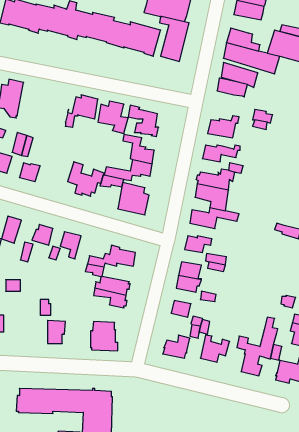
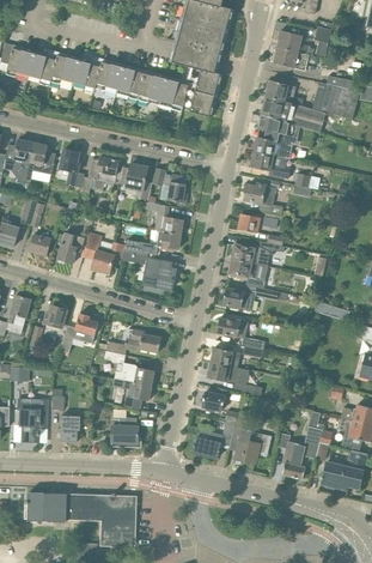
building: none -> [26,141,56,181]
building: none -> [60,149,85,187]
building: none -> [251,151,291,178]
building: none -> [57,231,85,264]
building: none -> [18,399,47,440]

